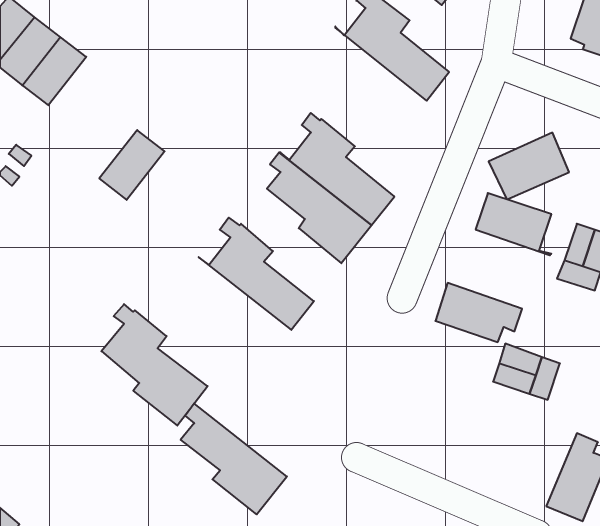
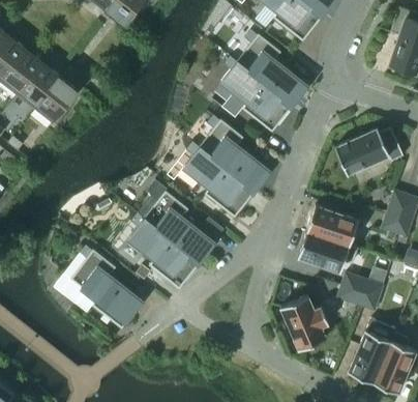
building: none -> [220,57,292,132]
building: [99,130,165,200] -> [34,77,79,124]
building: [476,193,551,255] -> [306,206,358,249]
building: none -> [280,295,328,350]
building: [181,404,287,514] -> [127,213,200,289]
building: none -> [348,331,394,383]

